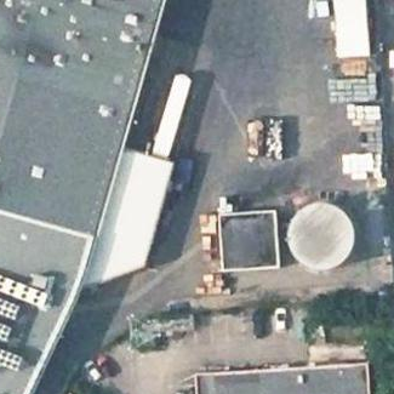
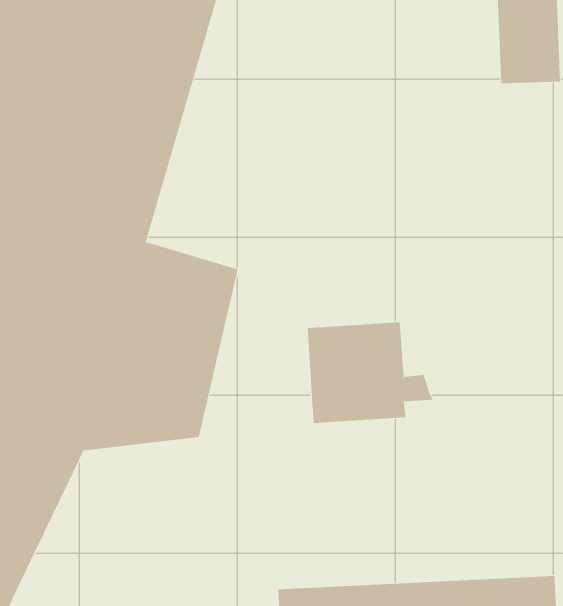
building: [289,202,359,273] -> none

